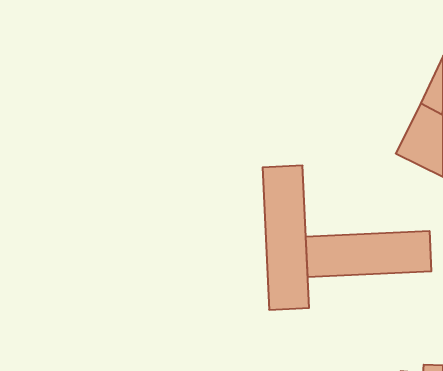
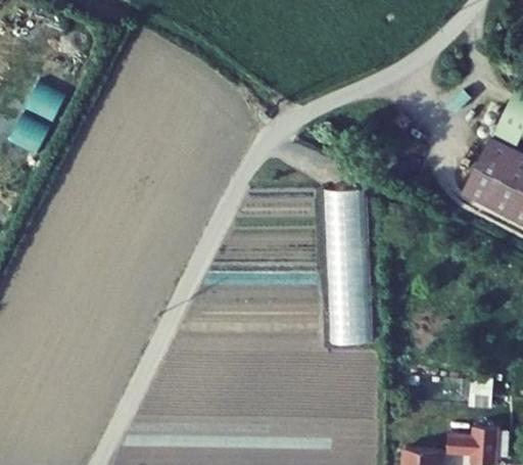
building: [306,231,431,277] -> none

